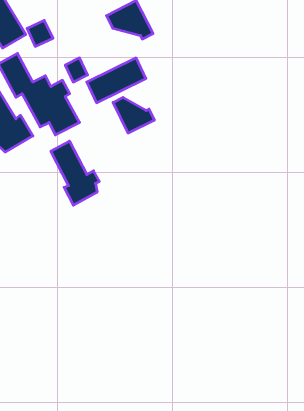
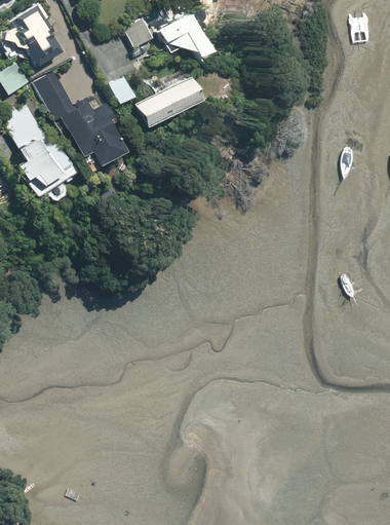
building: [27,20,53,46] -> [124,18,154,48]
building: [113,97,154,133] -> none
building: [51,141,99,205] -> none

